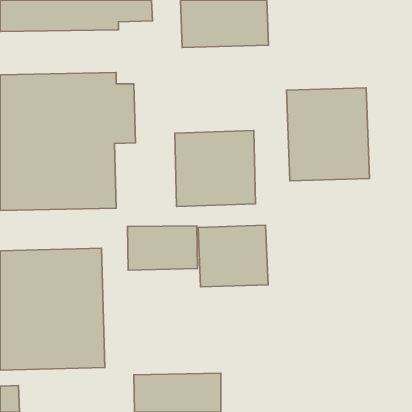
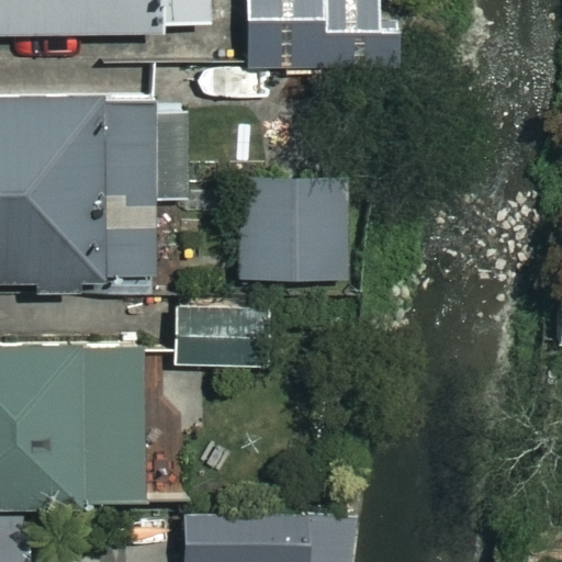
building: [287,88,370,181] -> none
building: [198,225,268,287] -> none

